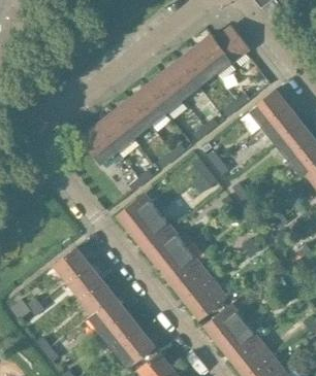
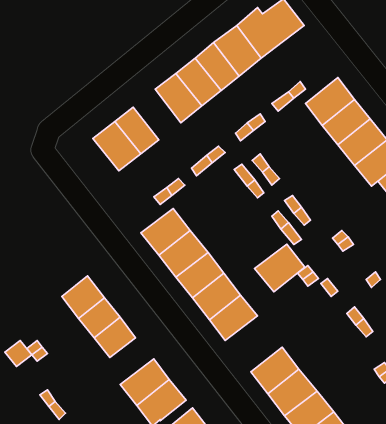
building: [112,99,150,139] -> none
building: [185,279,225,317] -> [254,244,305,292]
building: [88,297,128,334] -> none

